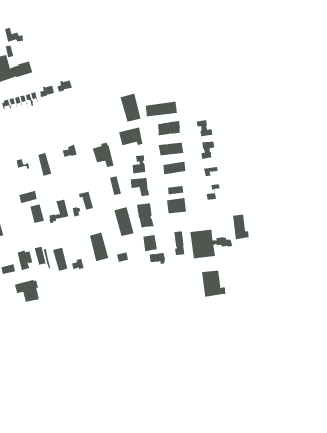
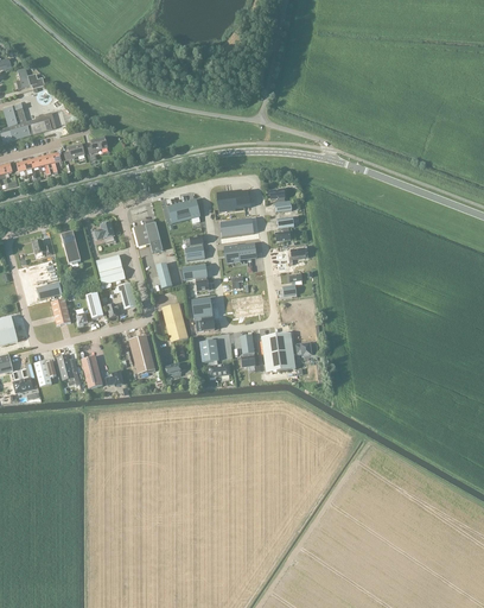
building: [120,93,141,123] -> none
building: [145,101,177,117] -> none
building: none -> [96,253,126,283]
building: [233,214,249,240] -> none
building: [202,270,226,298] -> none
building: [14,279,39,302] -> none

